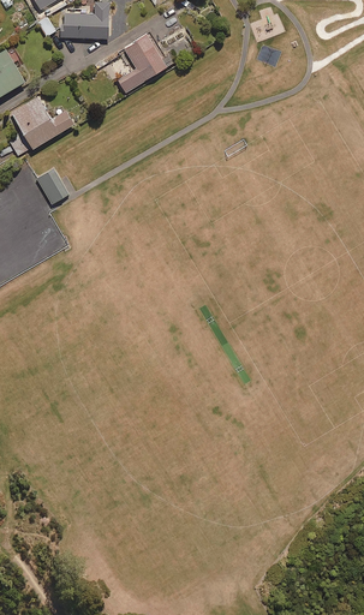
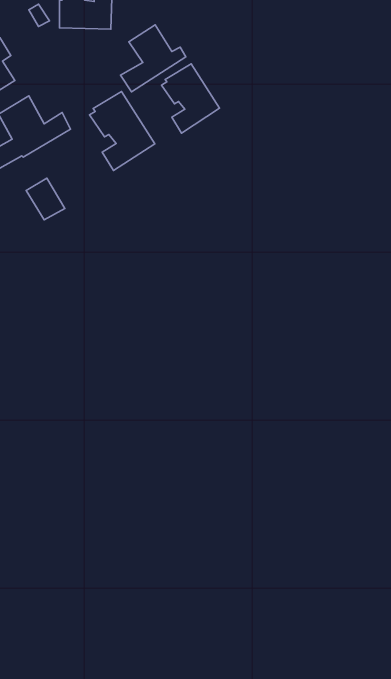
building: none -> [162,64,220,133]
building: none -> [89,92,155,171]

